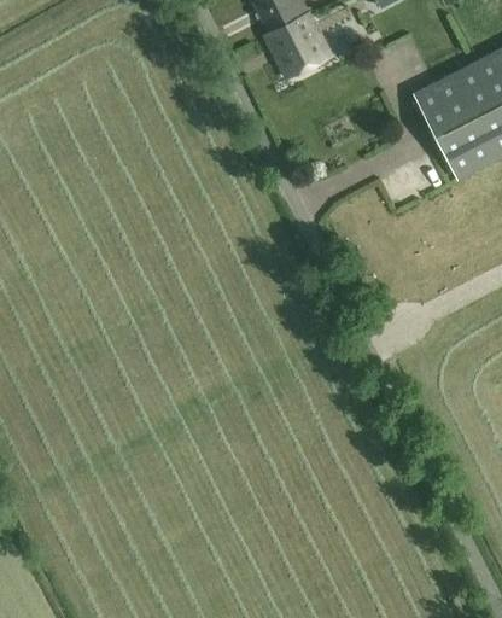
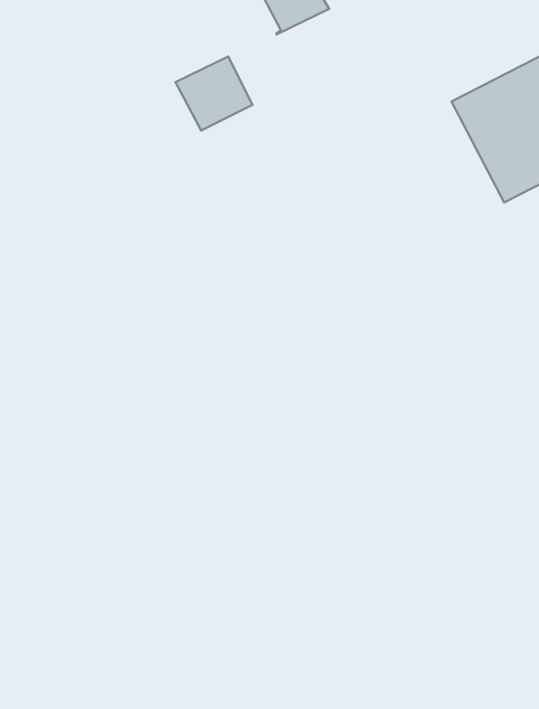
building: [265,14,331,77] -> [176,57,252,131]

